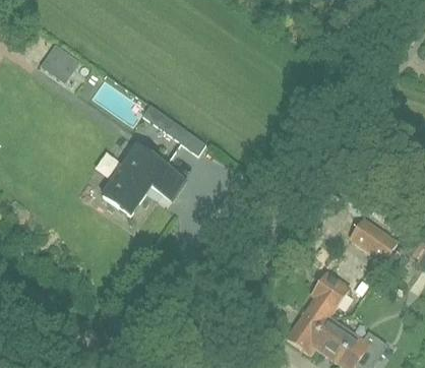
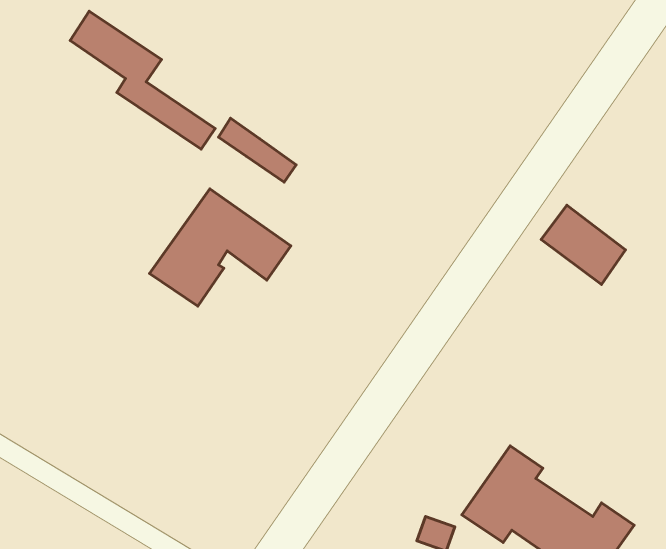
building: [346,216,396,262] -> [541,205,626,284]
building: [311,271,350,310] -> none

